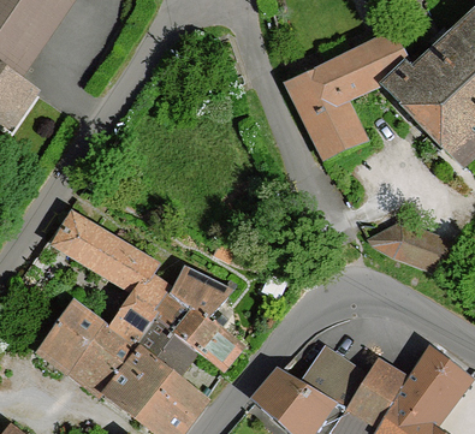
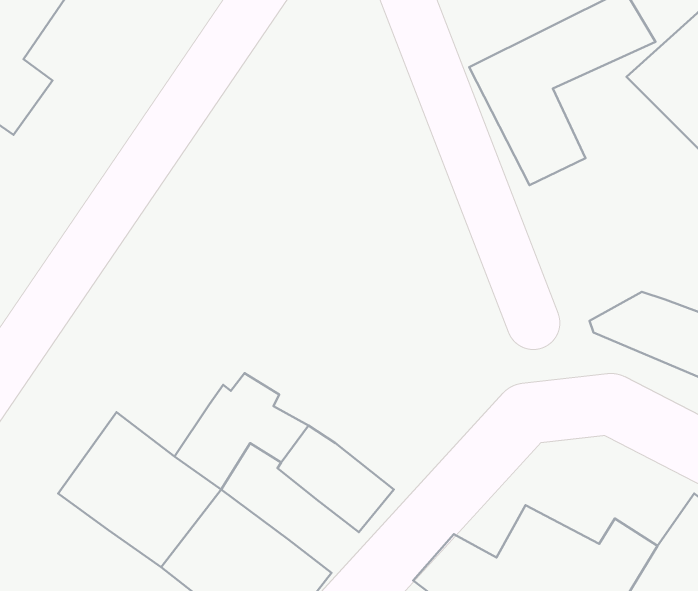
building: [49,208,160,292] -> none
building: [171,264,234,316] -> none
building: [138,316,197,376] -> none

